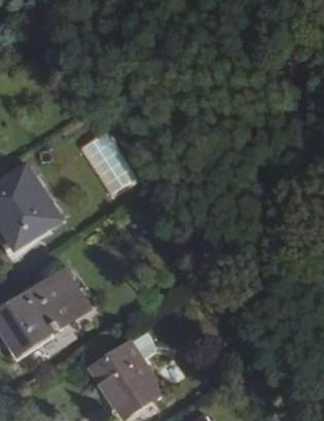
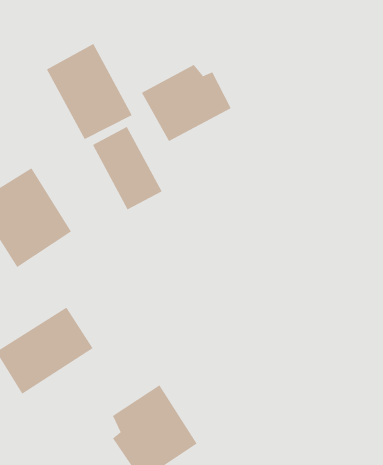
building: none -> [46,43,132,140]
building: none -> [141,64,232,142]

